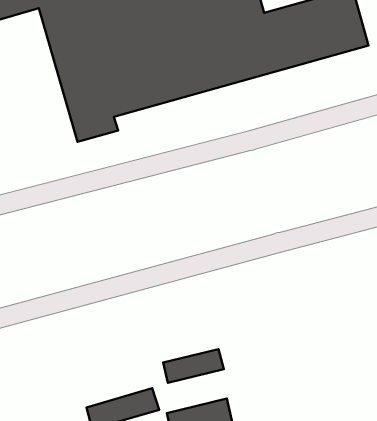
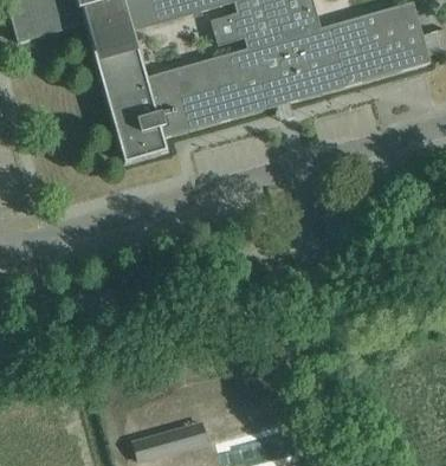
building: [163,349,224,383] -> none

